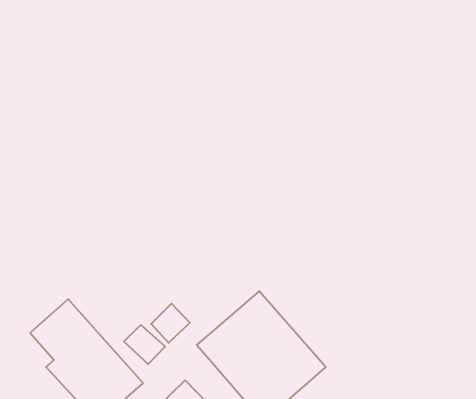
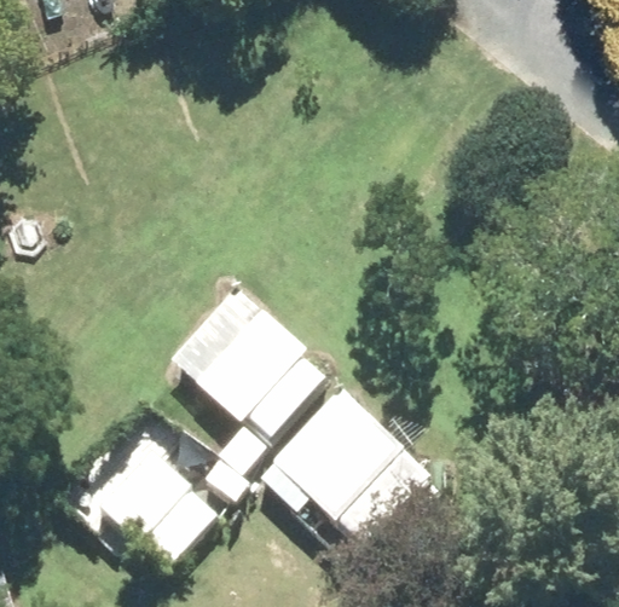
building: none -> [169,274,329,426]

